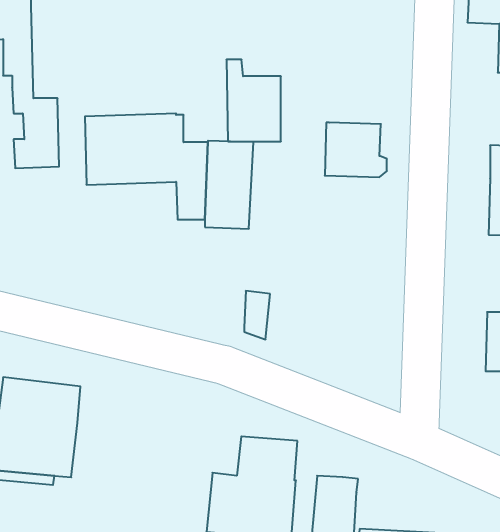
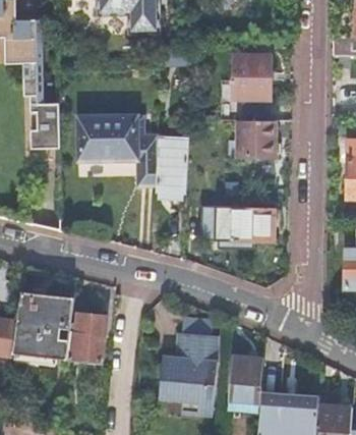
building: [226,60,281,141] -> [233,46,270,101]
building: none -> [215,207,274,248]
building: none -> [67,313,107,363]

